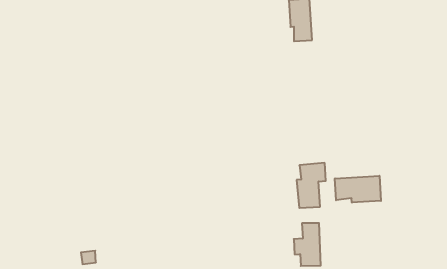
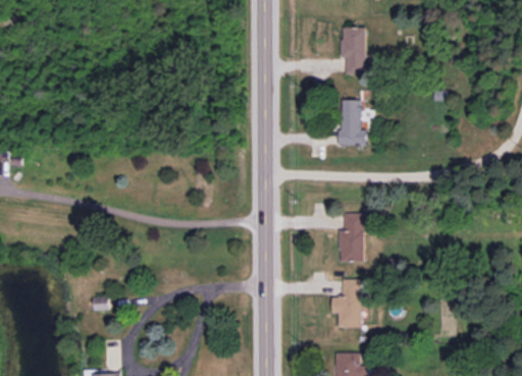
building: none -> [340,100,365,146]
building: [335,176,381,203] -> none

